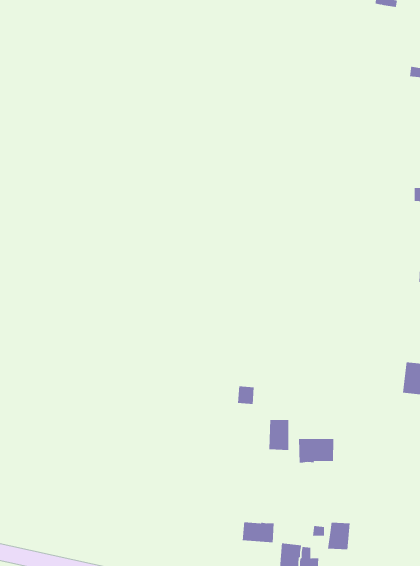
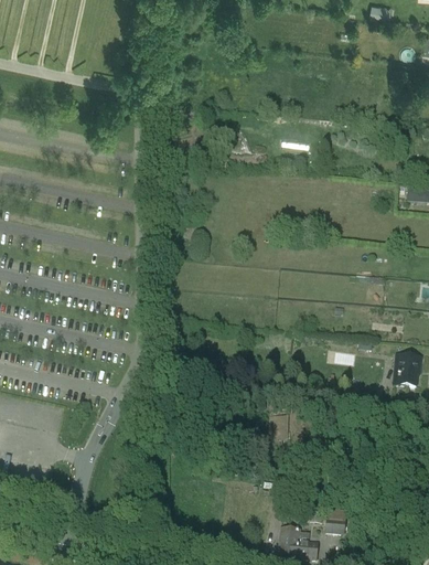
building: [298,438,334,464] -> none
building: [242,522,274,543] -> none

